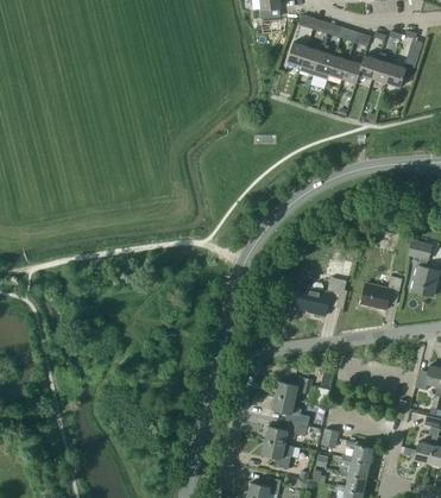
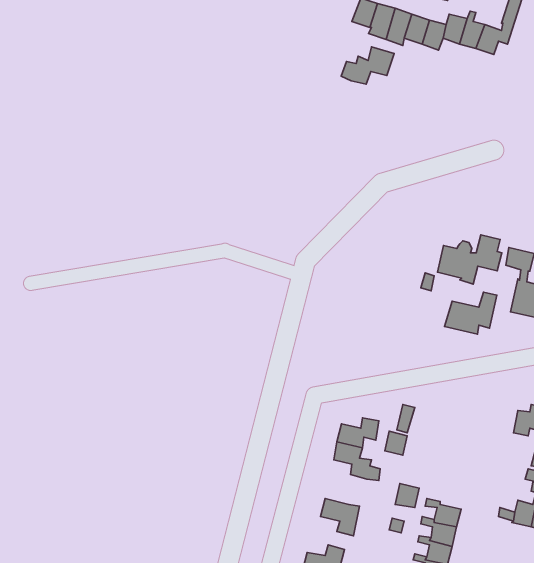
building: none -> [341,47,394,84]
building: [296,277,347,316] -> [437,235,502,284]
building: [265,421,308,445] -> none

